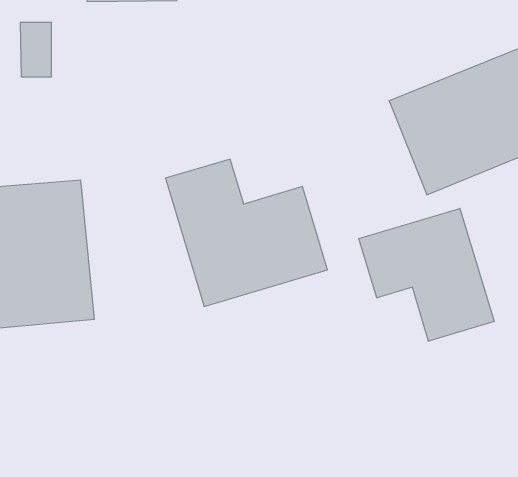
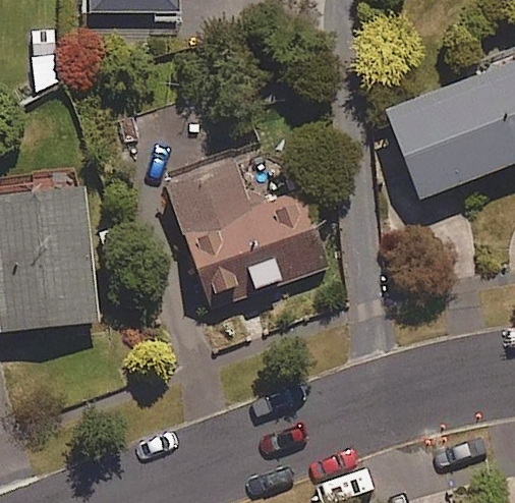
building: [359,208,494,341] -> none

